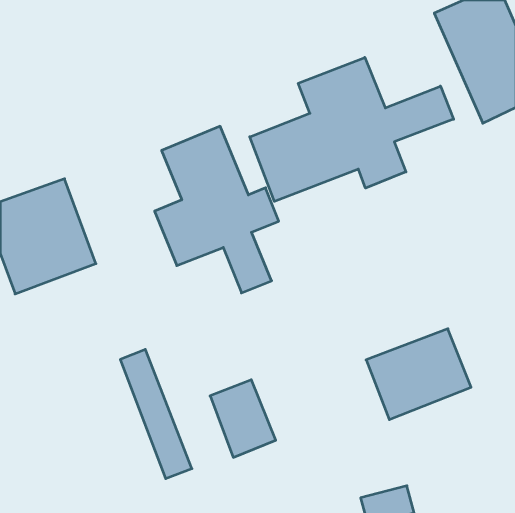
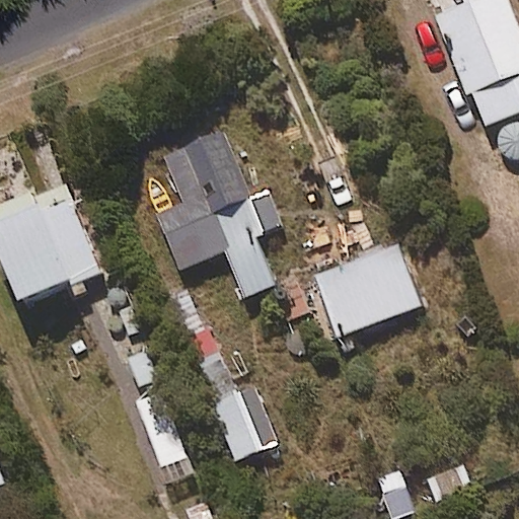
building: [250,57,454,201] -> none
building: [366,329,471,420] -> [315,246,421,338]

